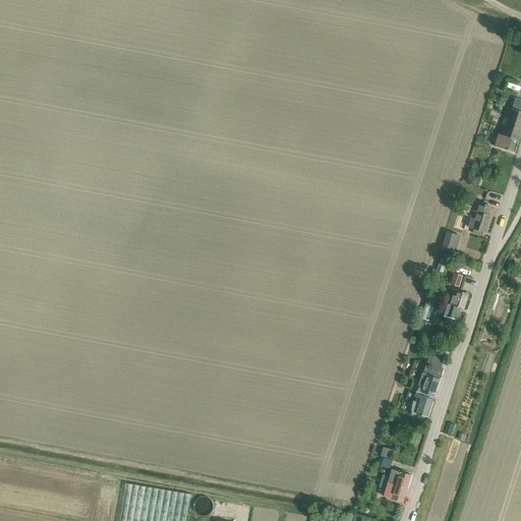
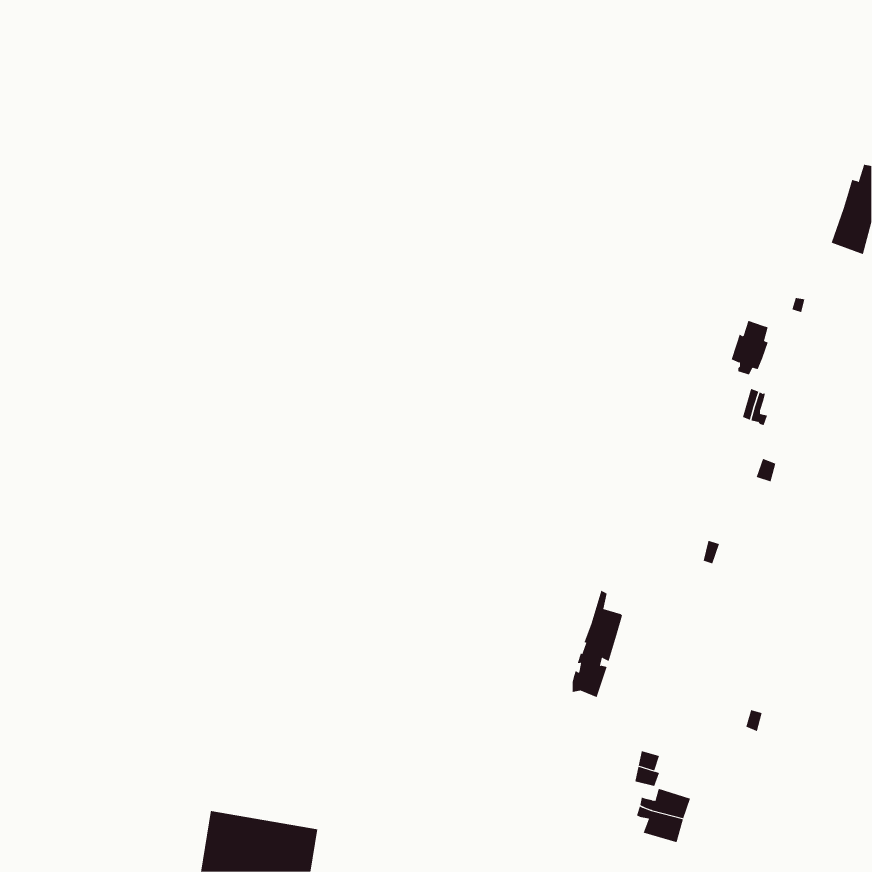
building: [468,202,490,235] -> [731,320,768,375]
building: [443,289,468,323] -> none
building: [411,353,442,417] -> [572,590,623,698]

